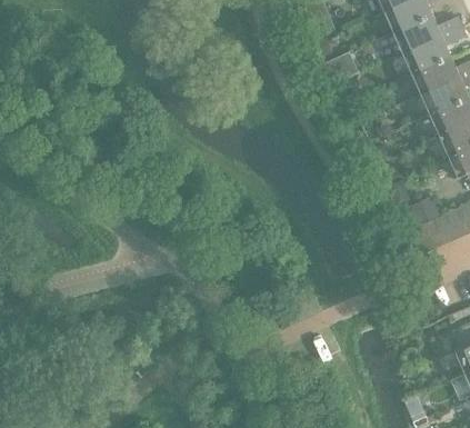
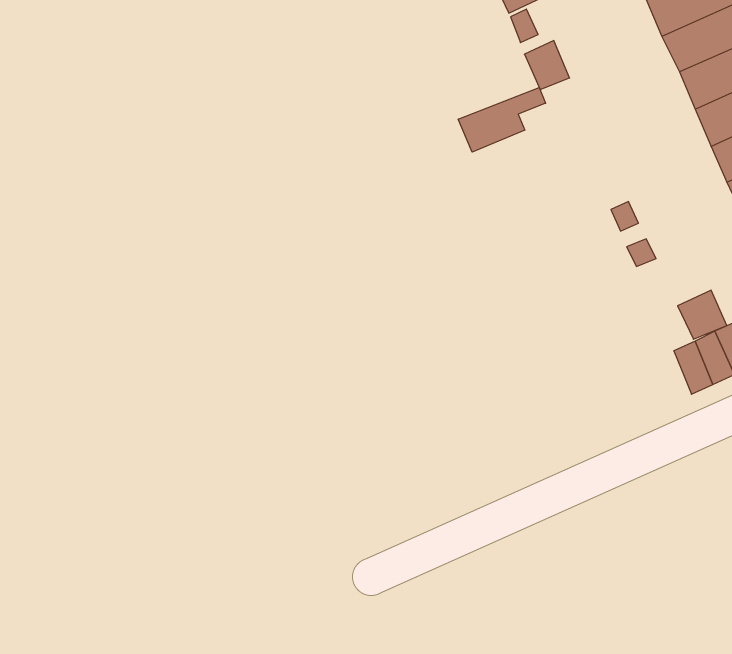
building: none -> [458,87,546,152]

